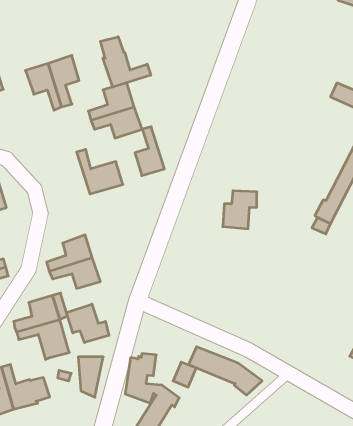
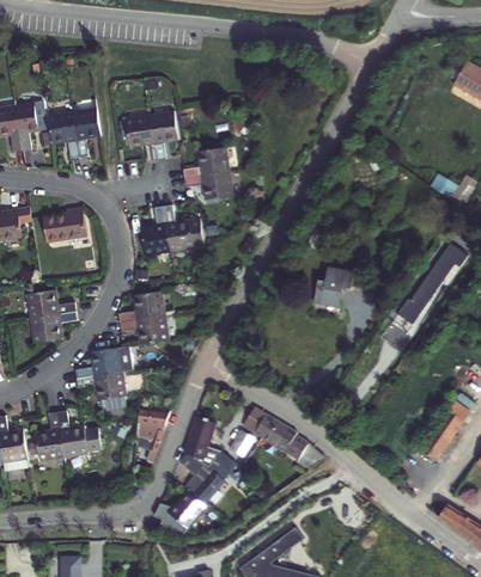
building: [100,37,151,87] -> none
building: [135,127,164,176] -> [146,205,173,253]
building: [67,304,109,343] -> none

